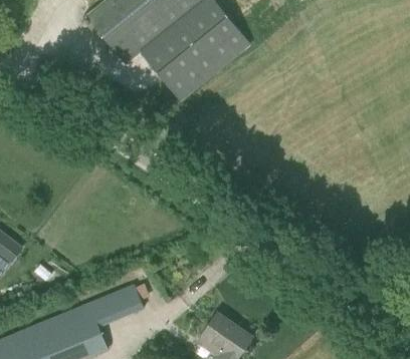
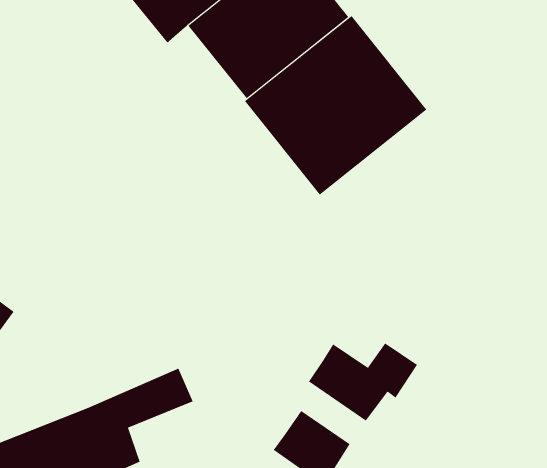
building: none -> [244,15,427,196]
building: none -> [308,342,418,422]

